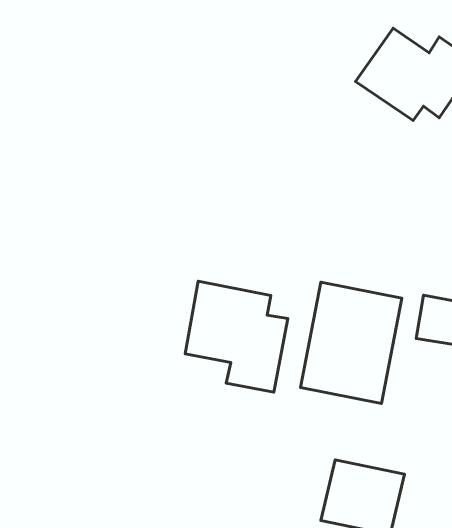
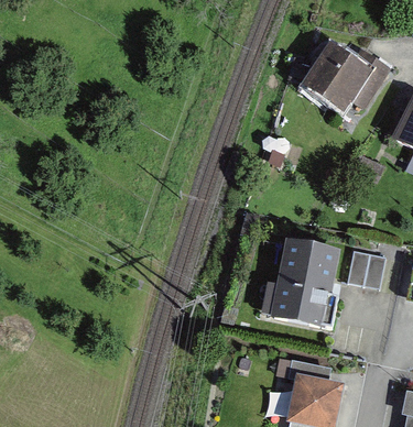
building: [185,281,288,392] -> none

